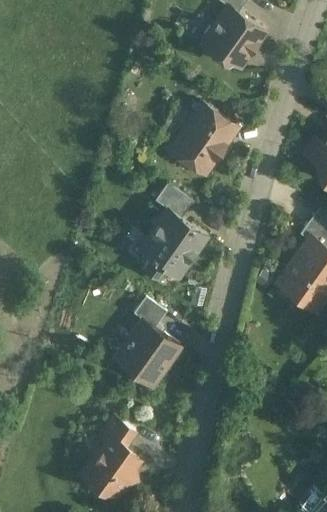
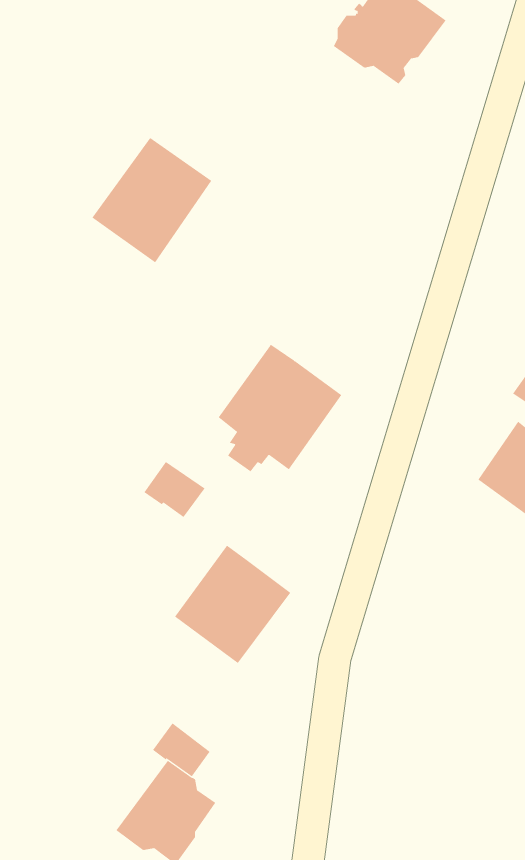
building: [171,106,237,175] -> [91,137,212,263]
building: [155,184,194,219] -> none
building: [134,297,168,328] -> [143,461,206,518]

